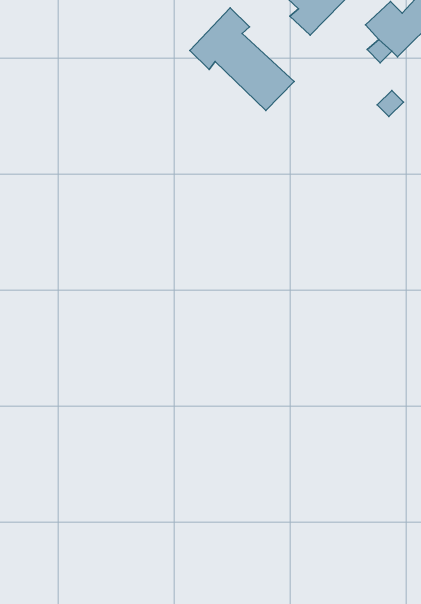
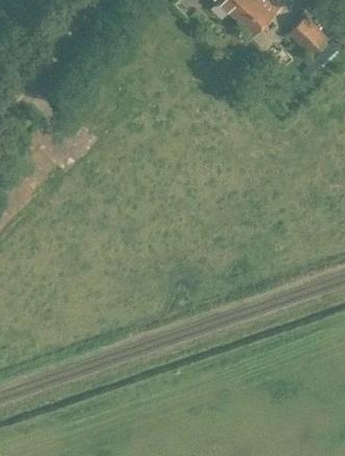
building: [190,8,294,111] -> none

